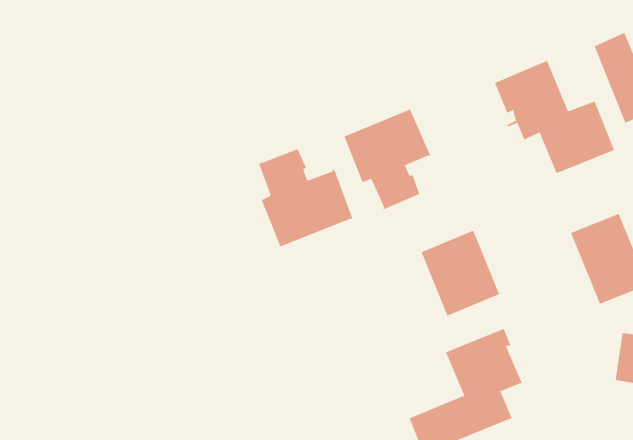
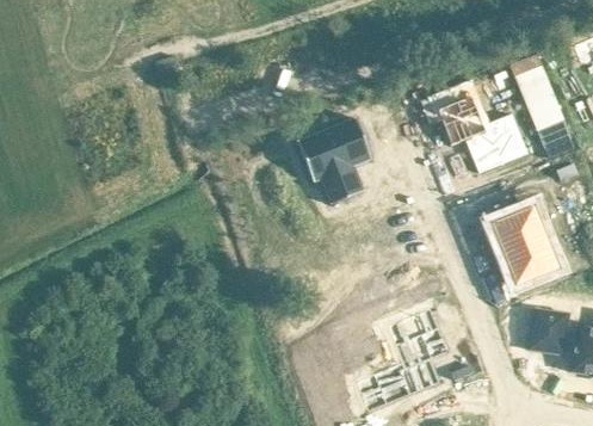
building: [256,148,353,249] -> none
building: [421,230,500,317] -> none

